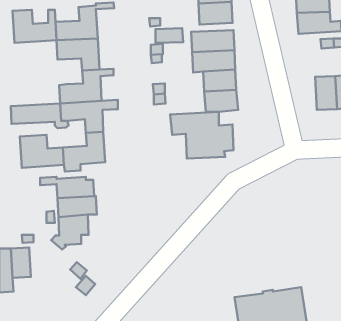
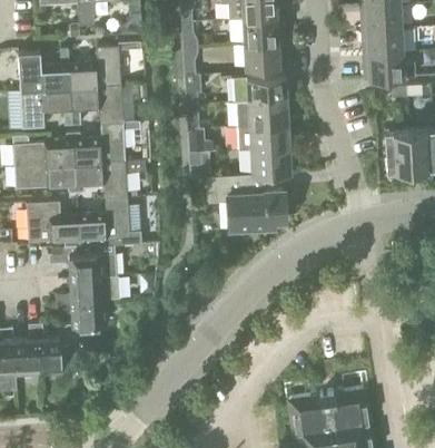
building: none -> [20,89,72,130]
building: none -> [14,135,83,169]
building: none -> [38,332,78,377]

